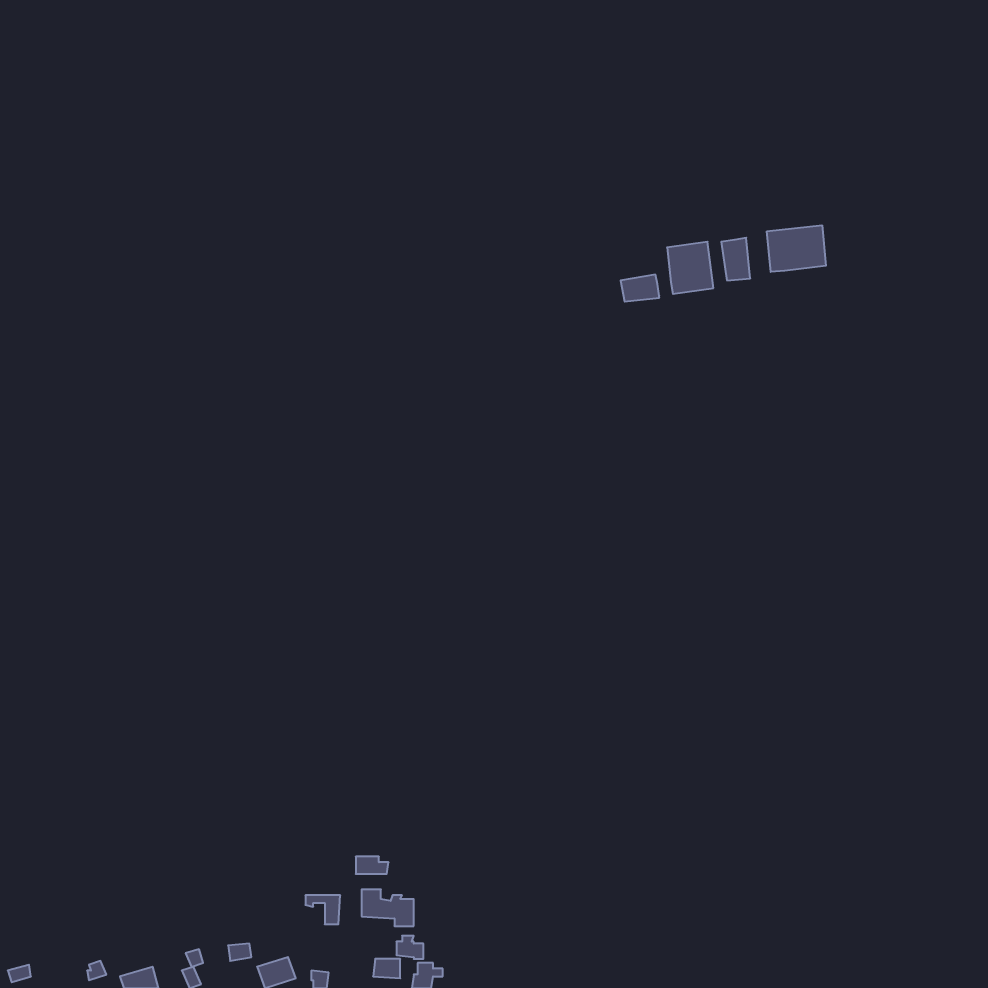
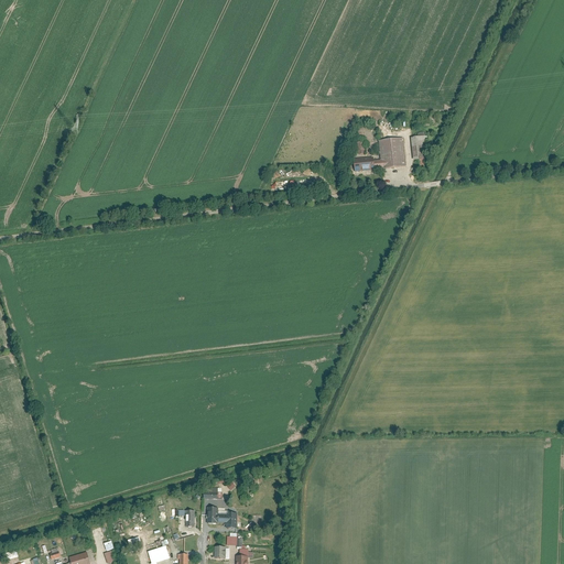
building: [767,225,826,272] -> none

